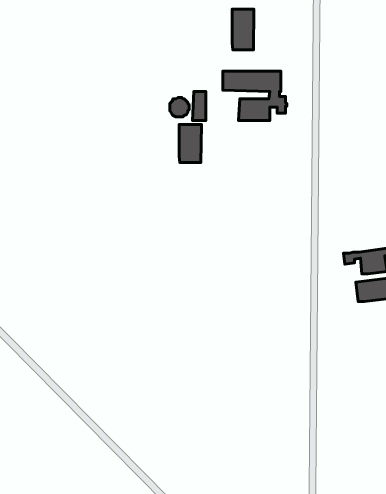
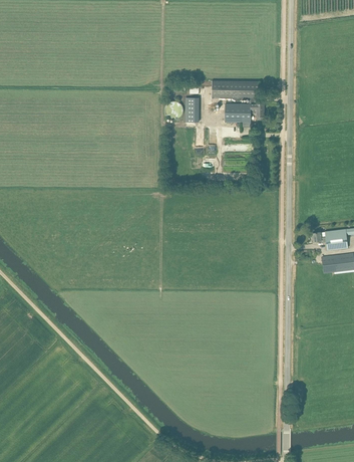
building: [232,9,254,50] -> none
building: [179,125,201,163] -> none

